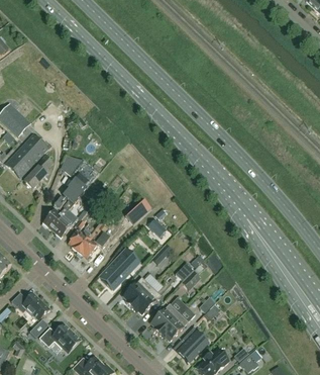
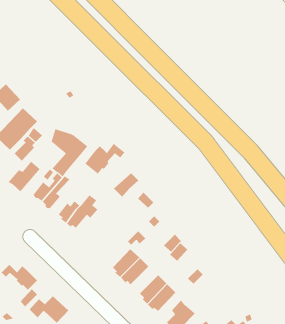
building: none -> [85,143,125,175]
building: none -> [8,161,40,192]
building: [101,255,133,287] -> none

